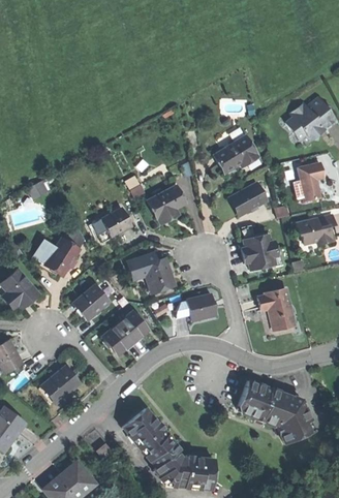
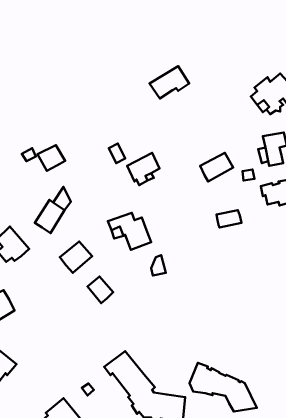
building: [213,136,257,173] -> [150,66,189,98]
building: [100,208,131,237] -> [37,145,65,171]
building: [244,235,272,255] -> none
building: [258,288,296,332] -> none
building: [186,293,216,320] -> none
building: [117,312,147,342] -> none
building: [41,367,80,403] -> none
building: [239,381,314,436] -> [189,363,257,412]

